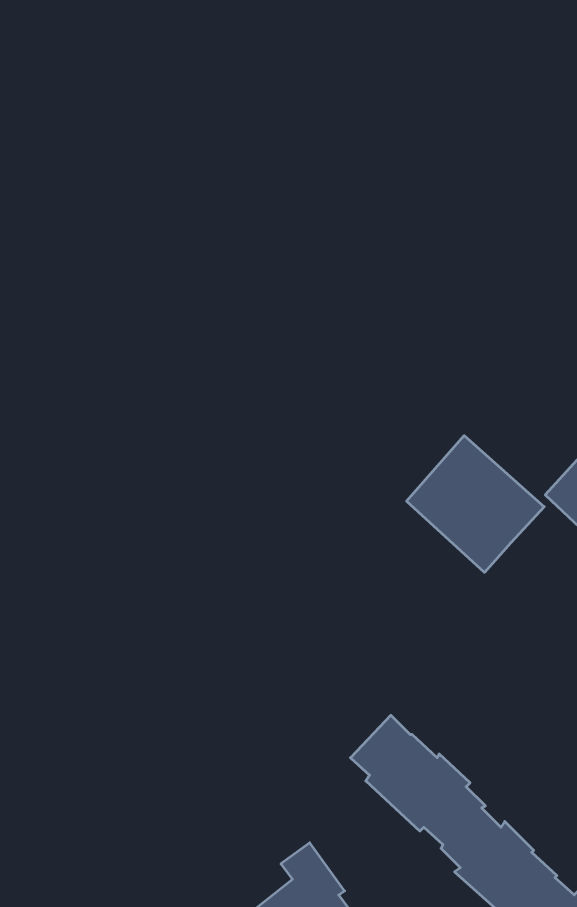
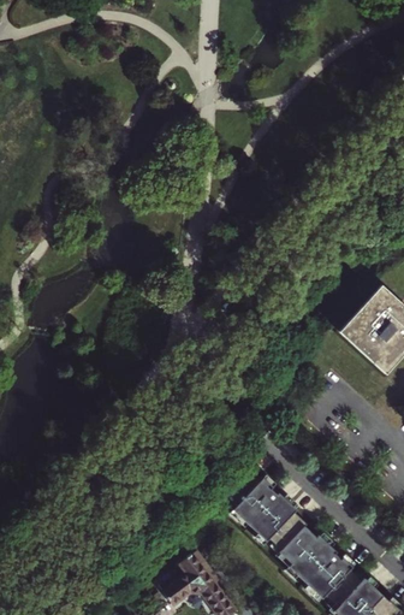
building: [407,436,544,572] -> none

